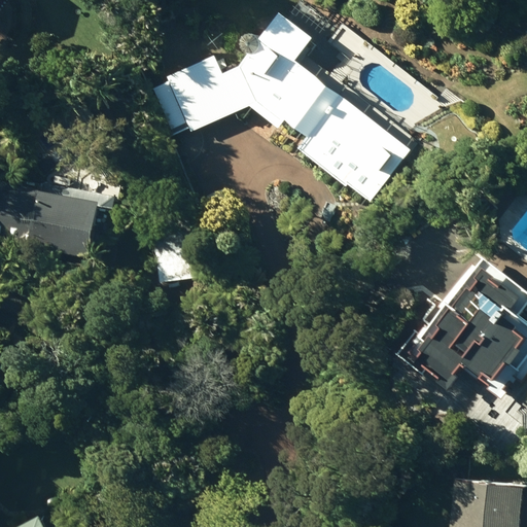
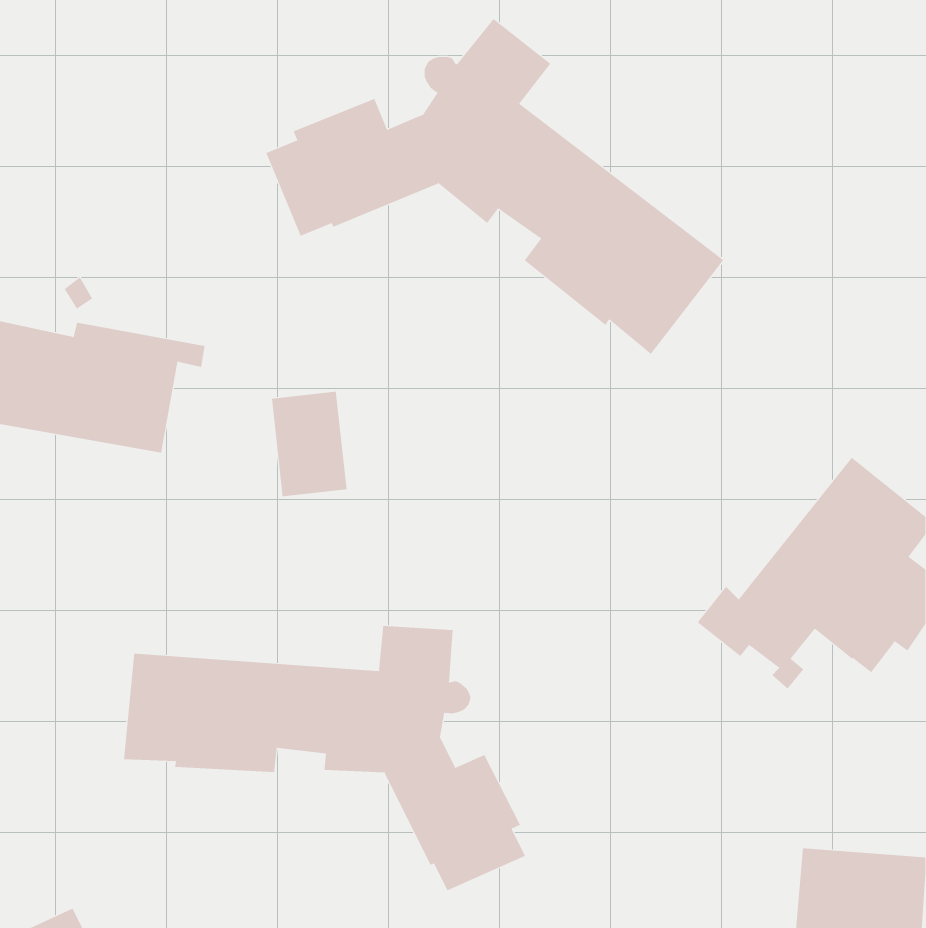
building: none -> [124,625,526,891]

